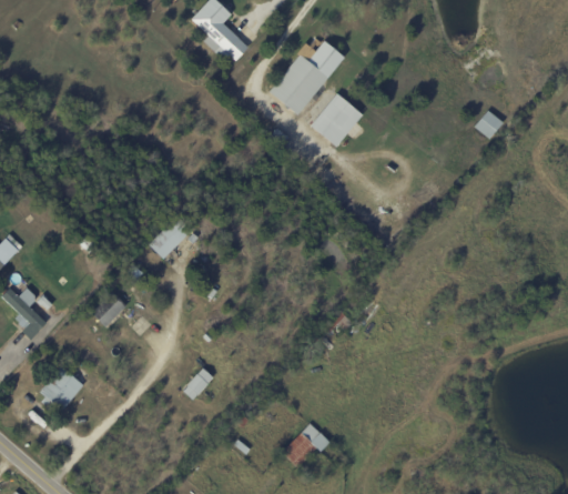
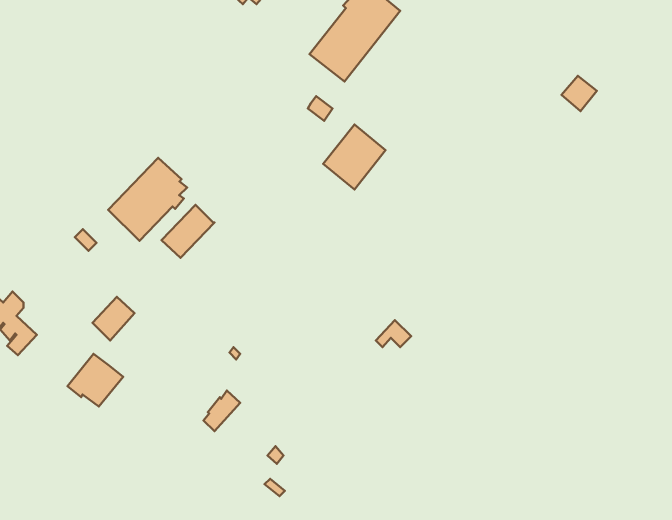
building: [311,93,362,147] -> [323,125,386,190]
building: none -> [108,158,187,241]
building: [38,366,83,410] -> [68,354,123,407]
building: [281,423,329,468] -> none

